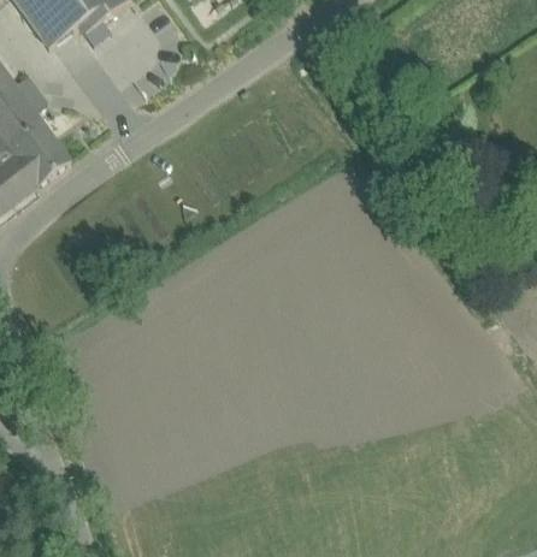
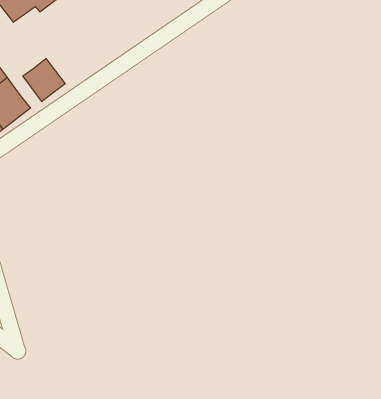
building: none -> [23,58,65,102]

